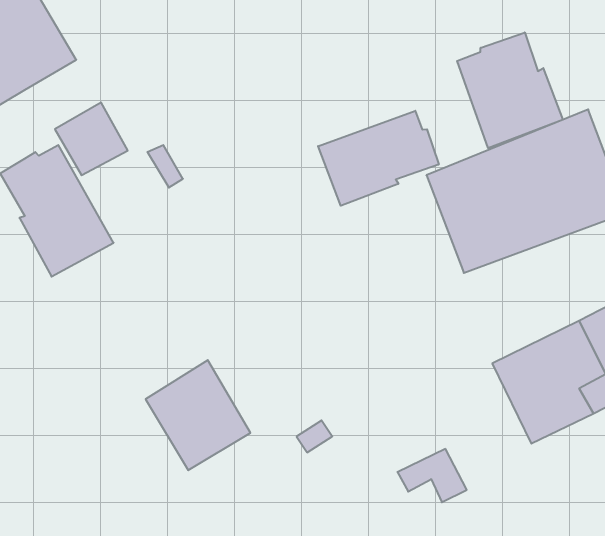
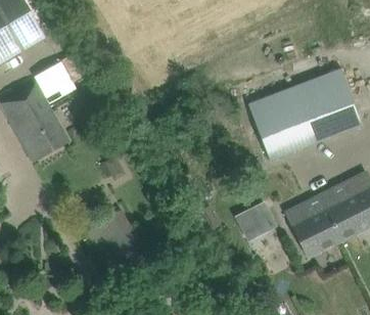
building: [457,32,563,148] -> none
building: [318,111,439,206] -> none
building: [397,449,467,502] -> [234,204,274,234]

